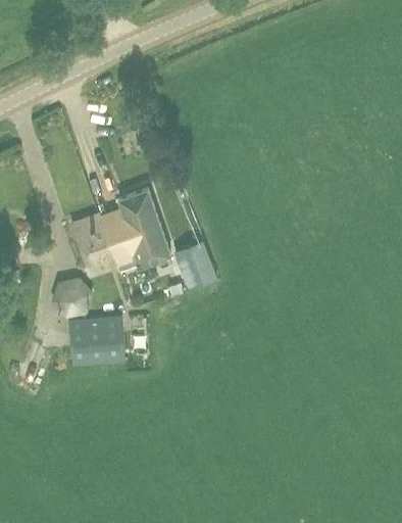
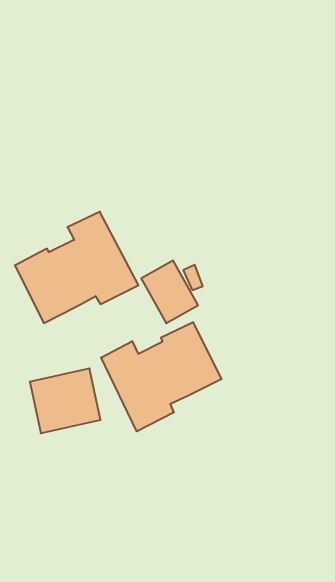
building: [53,279,90,314] -> none
building: none -> [101,322,222,431]

